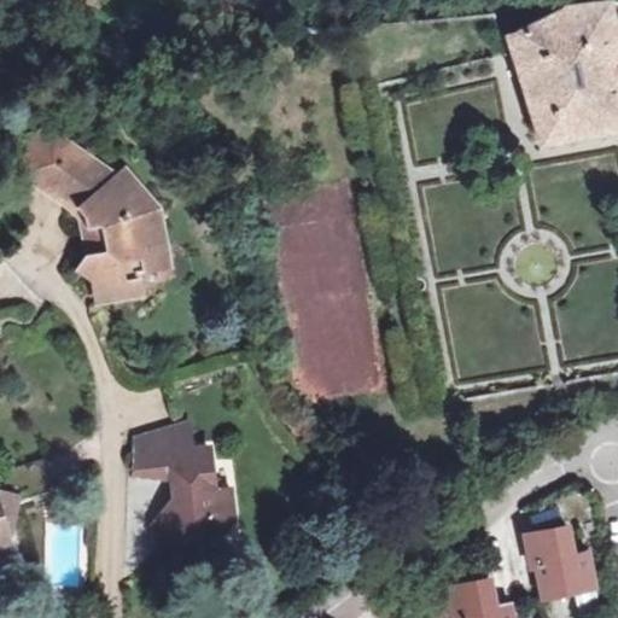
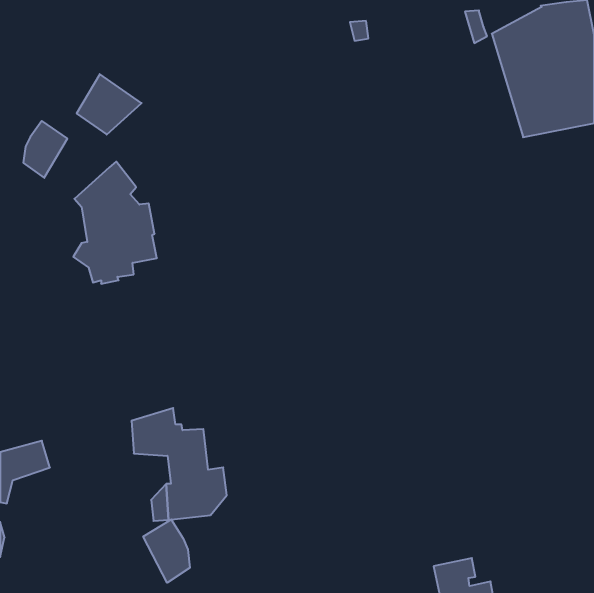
building: [46,145,113,208] -> [77,74,142,135]
building: [527,529,593,596] -> none
building: none -> [143,519,190,583]

